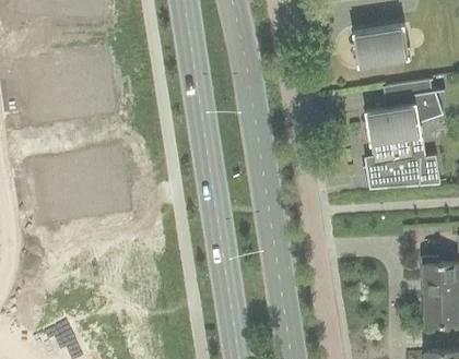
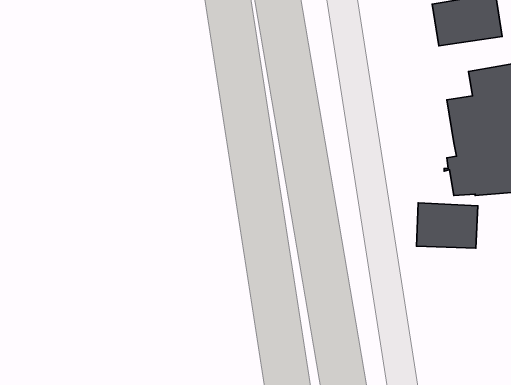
building: none -> [417,203,478,248]

